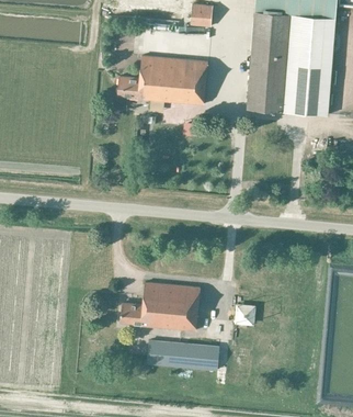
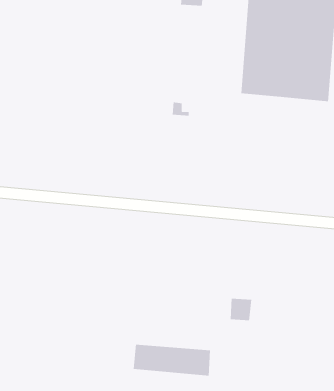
building: [116,55,207,104] -> none
building: [119,282,200,330] -> none

